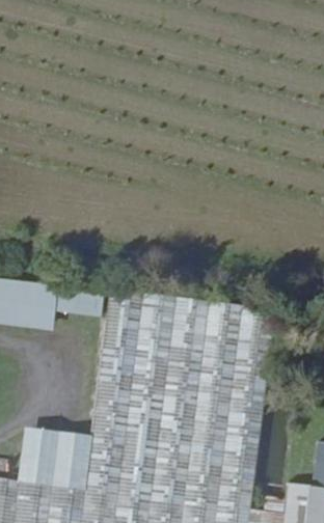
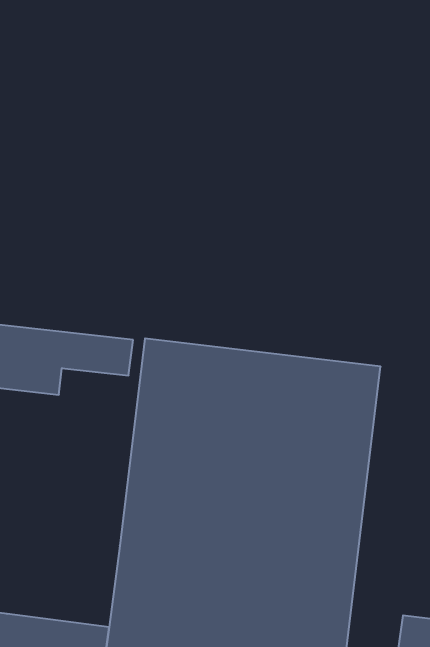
building: [15,426,93,493] -> none

